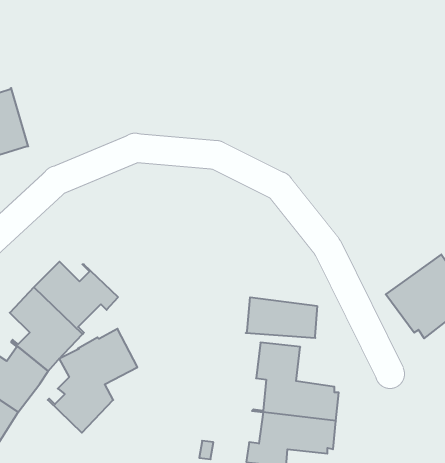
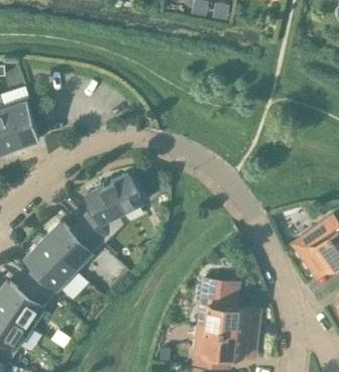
building: [246,297,317,338] -> none
building: [48,329,137,433] -> [78,173,141,247]

